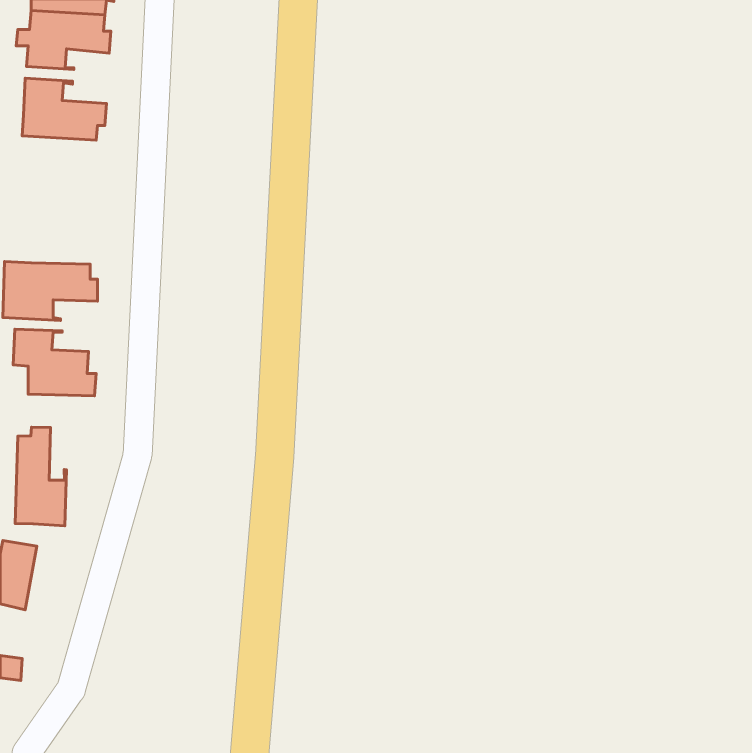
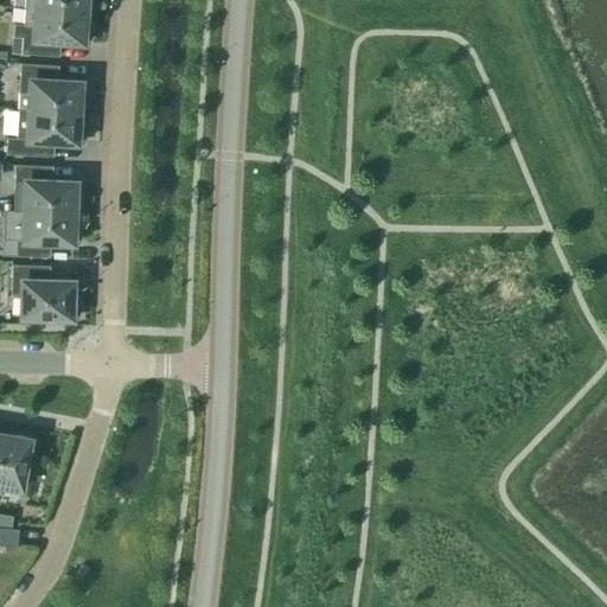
building: none -> [8,109,85,156]
building: none -> [17,165,83,212]
building: [15,427,67,526] -> none

